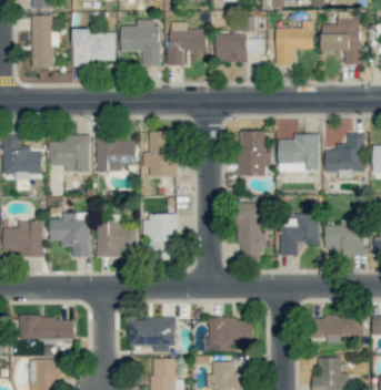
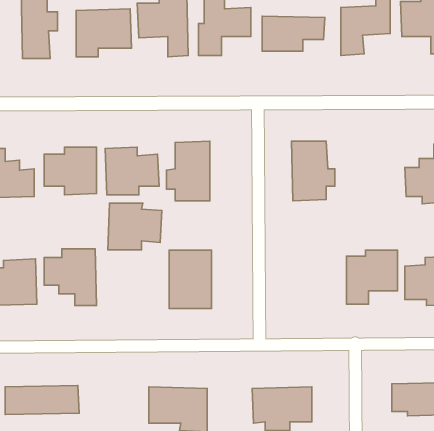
building: [278,134,319,171] -> none
building: [237,203,265,259] -> none
building: [96,222,137,257] -> [108,203,162,250]

